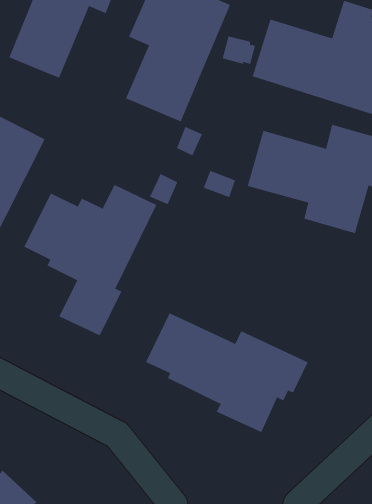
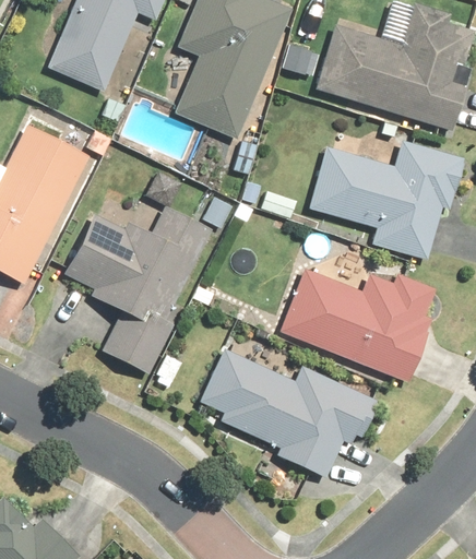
building: none -> [279,269,437,381]

